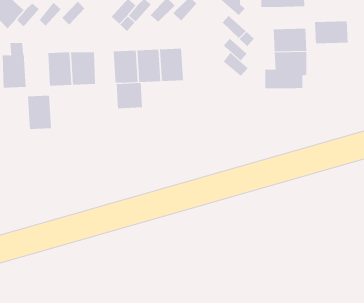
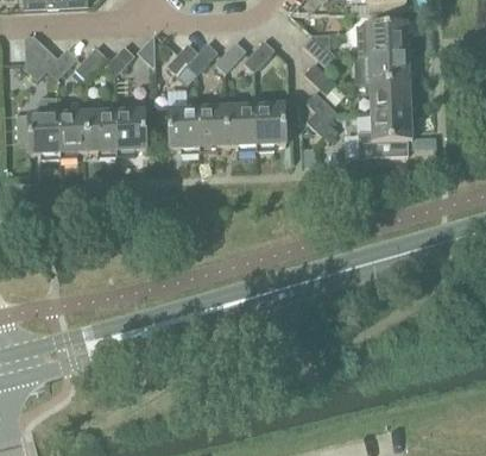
building: [314,21,348,44] -> [367,52,410,81]
building: none -> [254,104,286,145]
building: [116,82,143,109] -> none
building: [27,95,52,129] -> [57,111,88,154]

